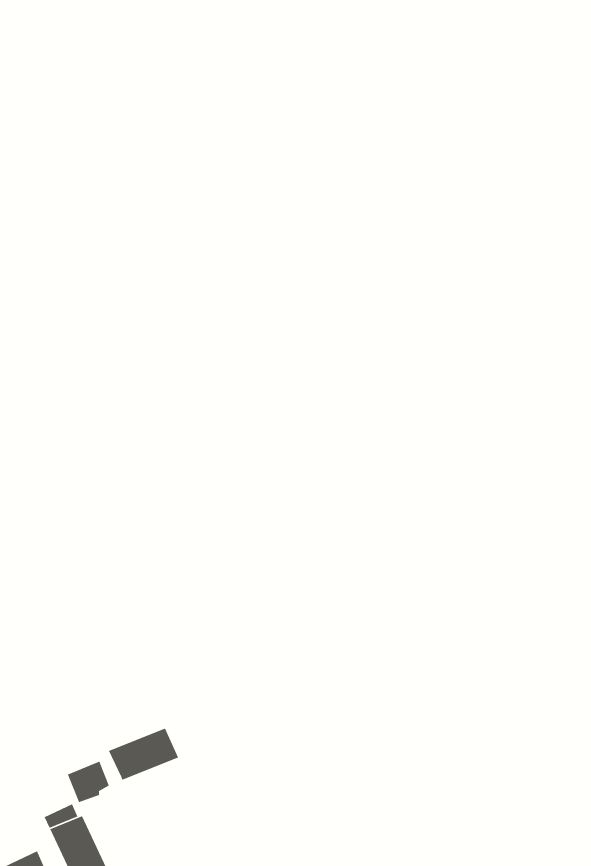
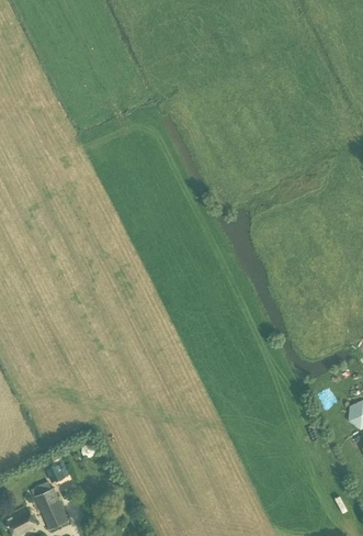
building: [108,728,179,781] -> none

